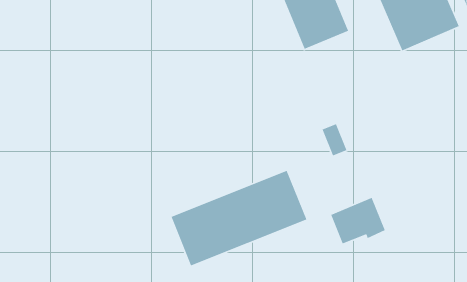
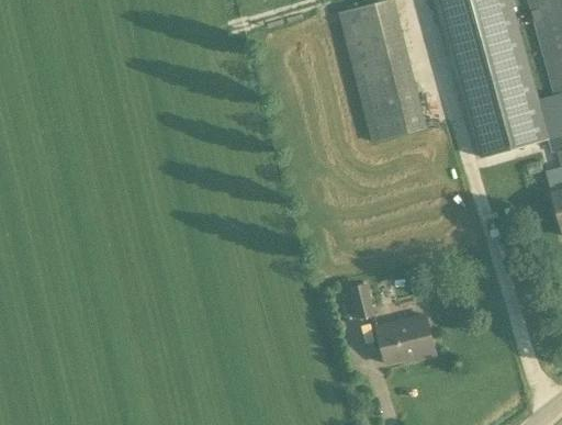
building: [322,123,348,157] -> [350,282,375,318]
building: [170,170,308,266] -> none

